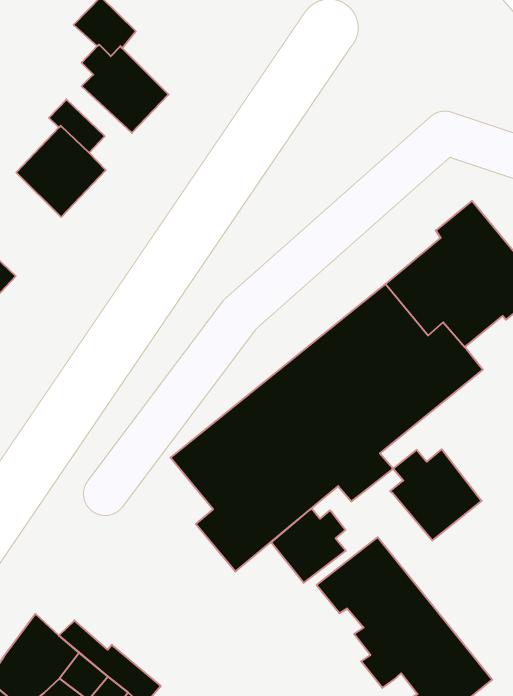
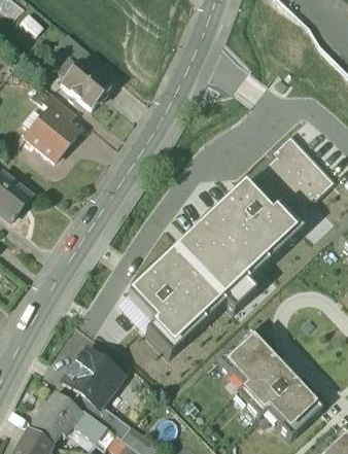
building: [390,449,482,540] -> none
building: [271,508,346,583] -> none
building: none -> [62,346,121,405]

